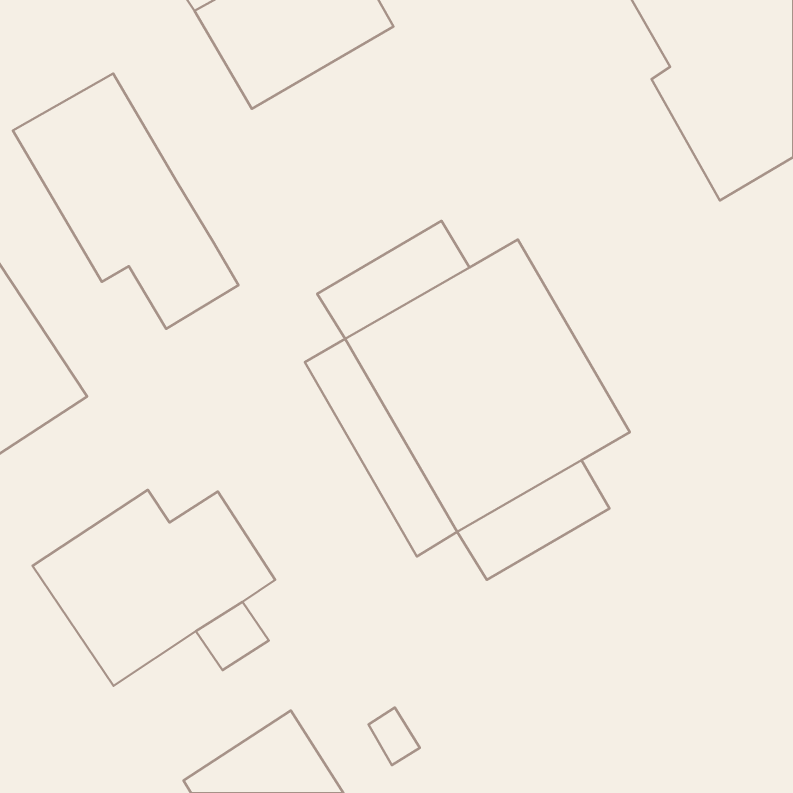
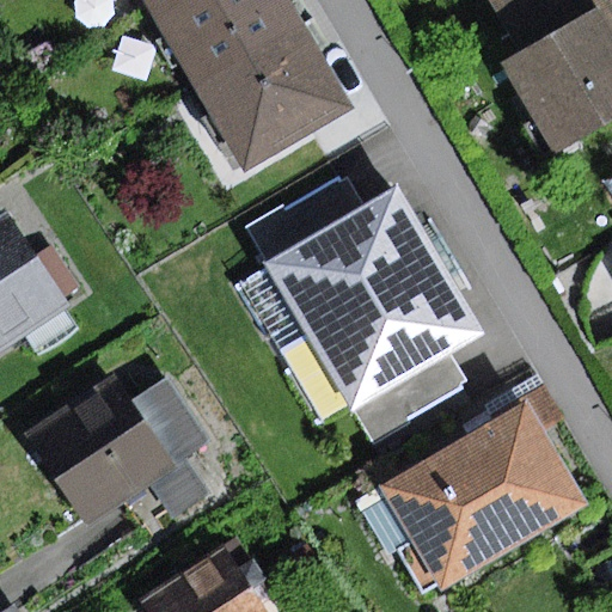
building: none -> [194,20,355,173]
building: [13,74,238,329] -> none
building: none -> [381,402,588,592]

